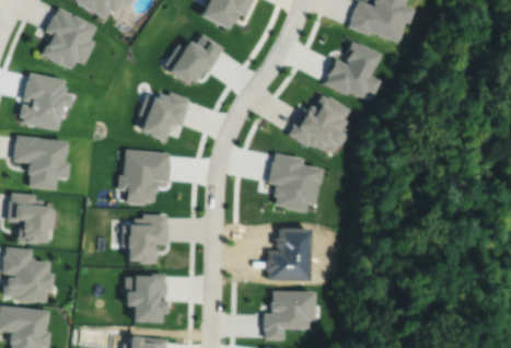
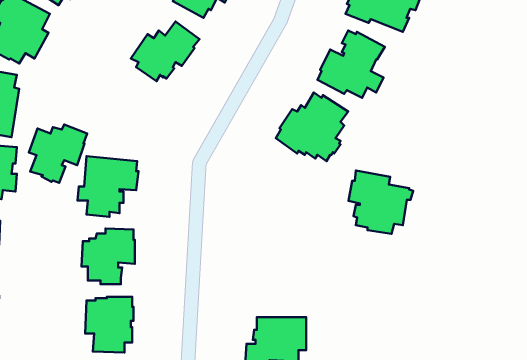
building: [139,92,189,142] -> [29,125,87,183]
building: [268,154,324,209] -> [348,171,413,234]
building: [268,230,314,283] -> none

